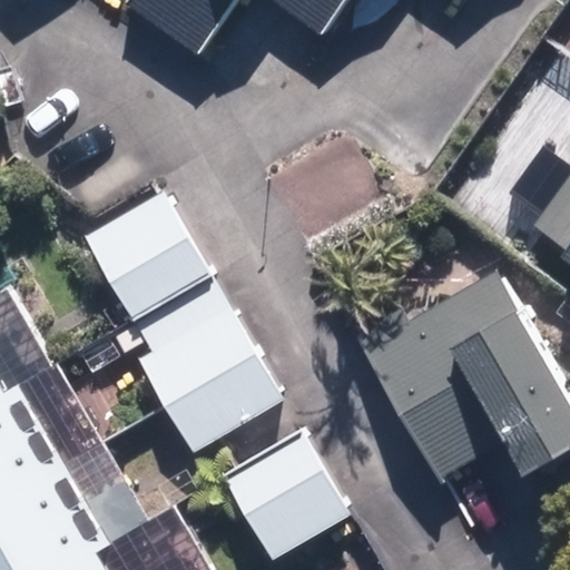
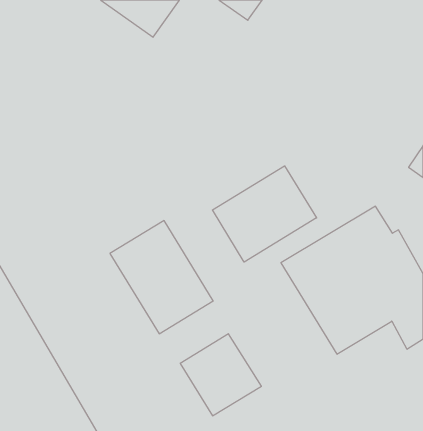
building: [88,190,208,311] -> none
building: none -> [212,166,317,262]

